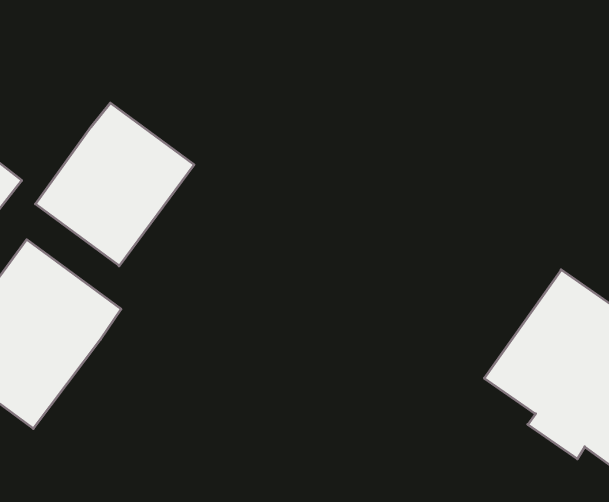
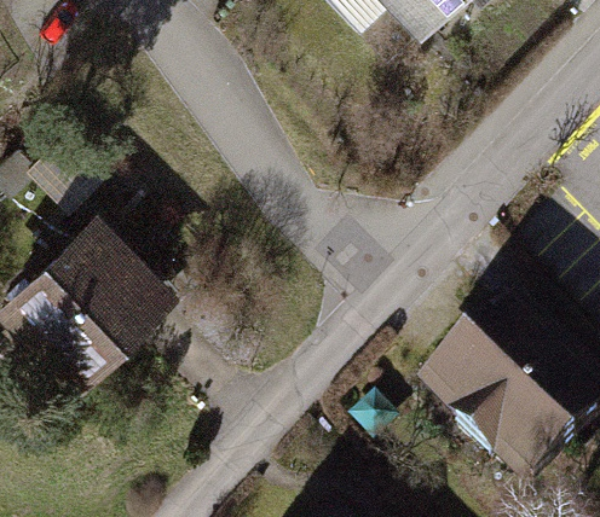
building: [35,103,194,266] -> none

